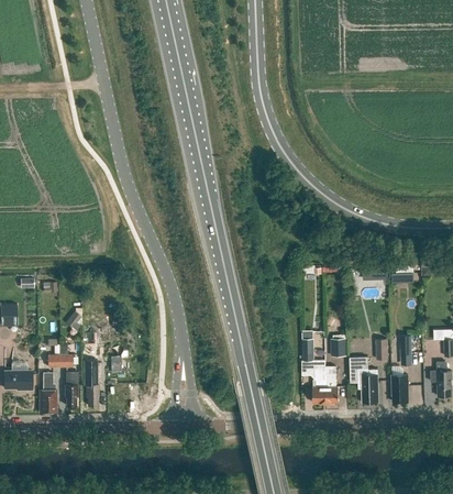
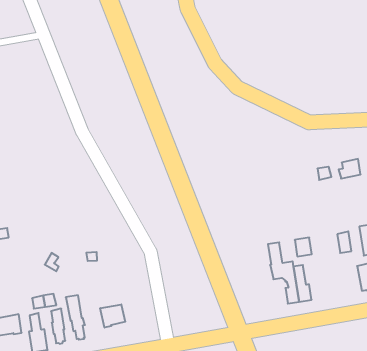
building: [350,356,378,403] -> none
building: none -> [100,304,125,328]

